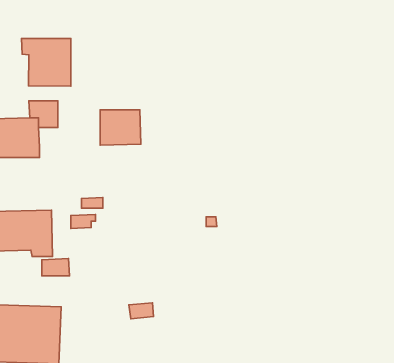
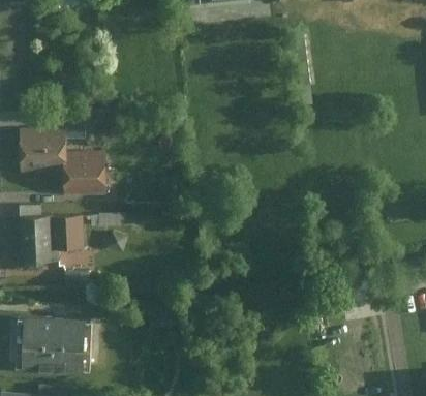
building: [22,38,71,86] -> none
building: [100,110,141,145] -> [67,161,106,195]

